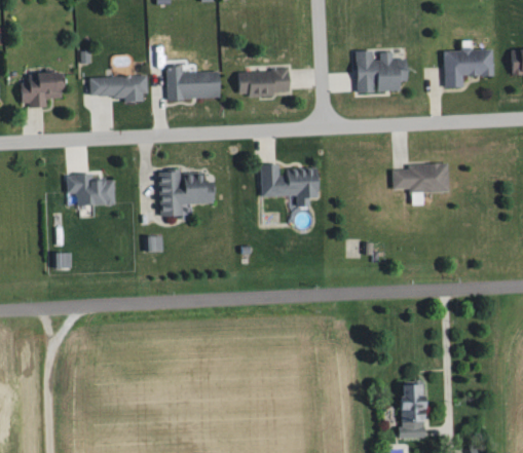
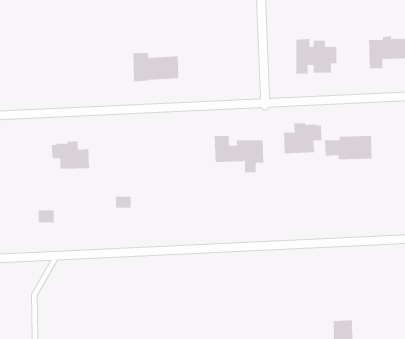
building: [238,71,289,96] -> none
building: [21,72,64,109] -> none
building: [89,74,148,101] -> none
building: none -> [284,122,322,154]
building: [160,166,214,215] -> none

